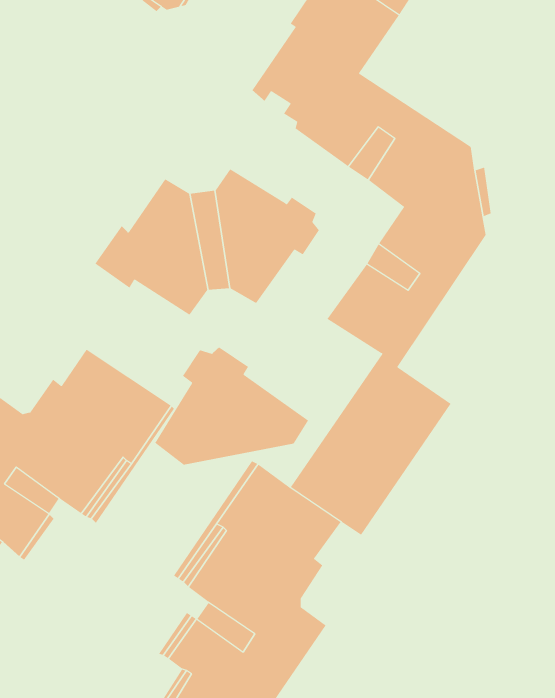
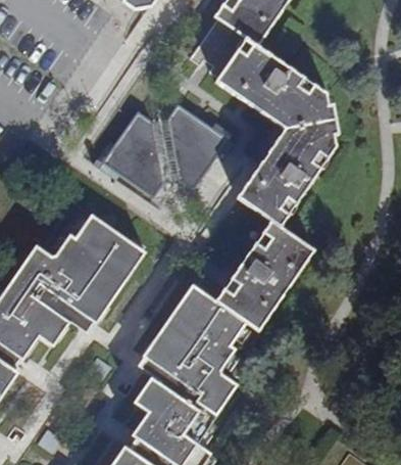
building: [155,347,309,466] -> none

